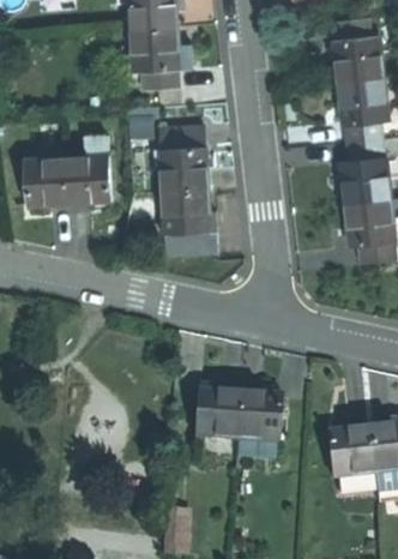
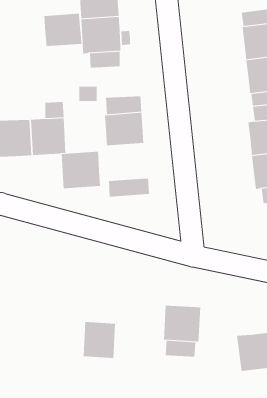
building: none -> [44,13,82,47]
building: [161,187,211,235] -> [61,151,101,189]
building: [193,390,235,437] -> [83,322,116,358]

